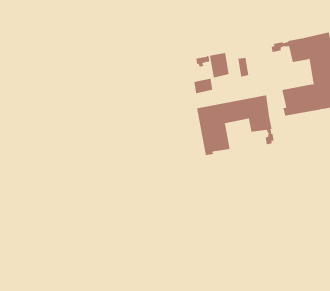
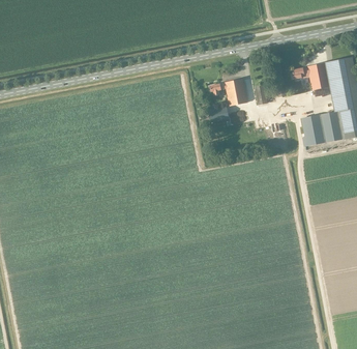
building: [196,95,274,156] -> none

